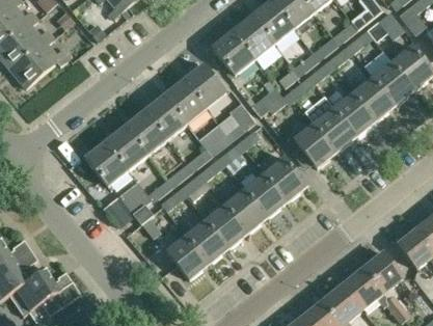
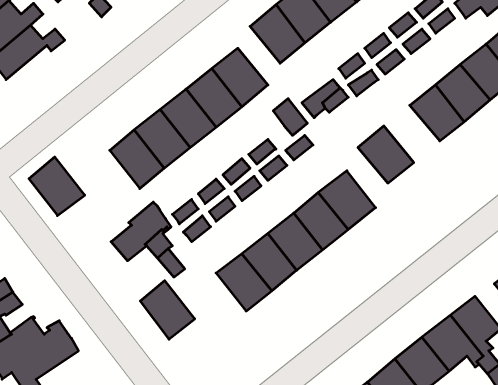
building: [313,108,355,152] -> none
building: [84,142,127,187] -> [29,157,85,216]
building: [166,236,208,280] -> [140,281,195,339]

